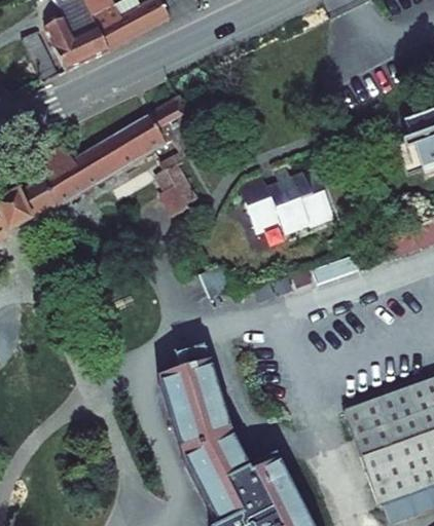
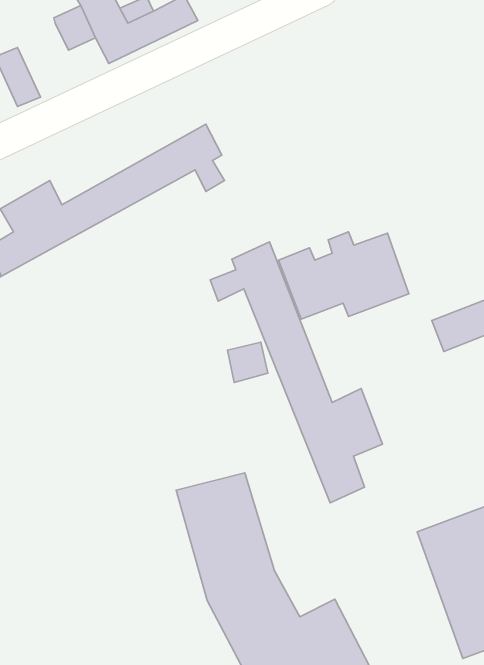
building: [52,21,109,70] -> none
building: [154,164,196,222] -> none
building: none -> [210,242,383,503]

